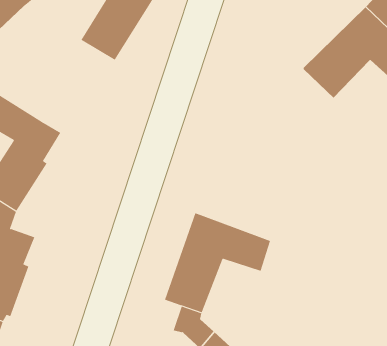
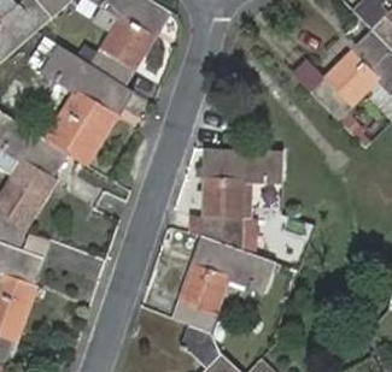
building: none -> [40,45,134,167]
building: none -> [201,148,283,249]

